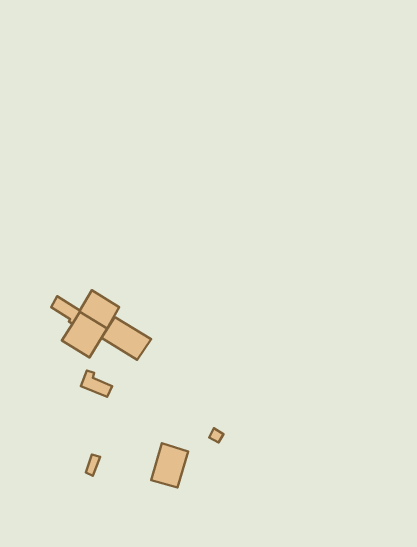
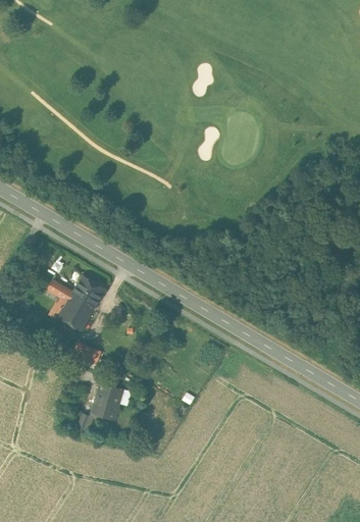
building: [101,317,151,360] -> none
building: [151,443,188,487] -> [91,383,122,421]

